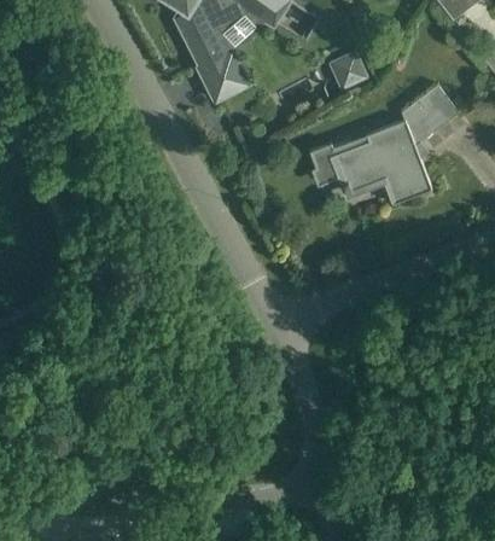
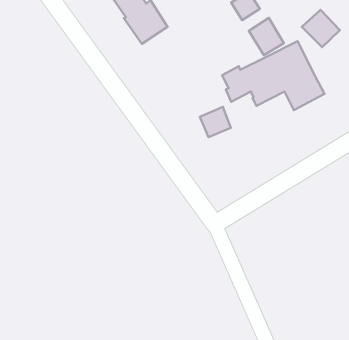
building: none -> [249,18,284,55]
building: none -> [200,107,231,137]

